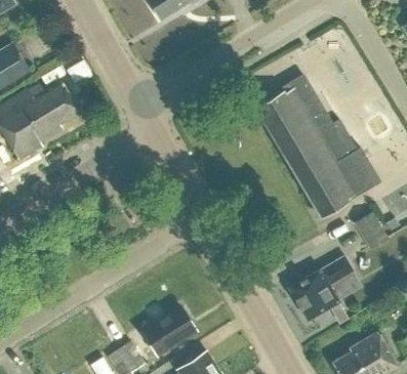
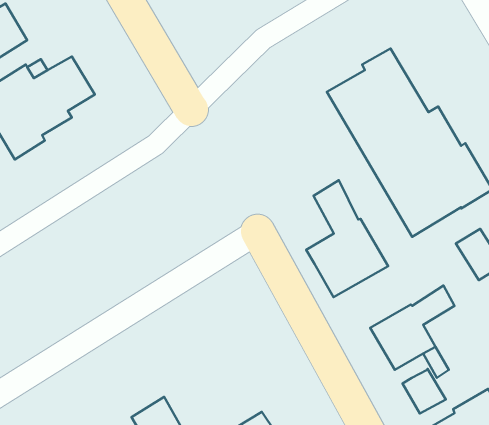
building: none -> [306,180,388,297]
building: [143,305,197,356] -> none
building: none -> [403,369,446,413]

